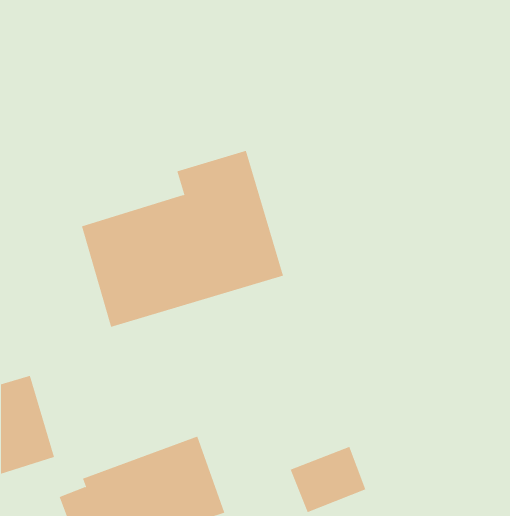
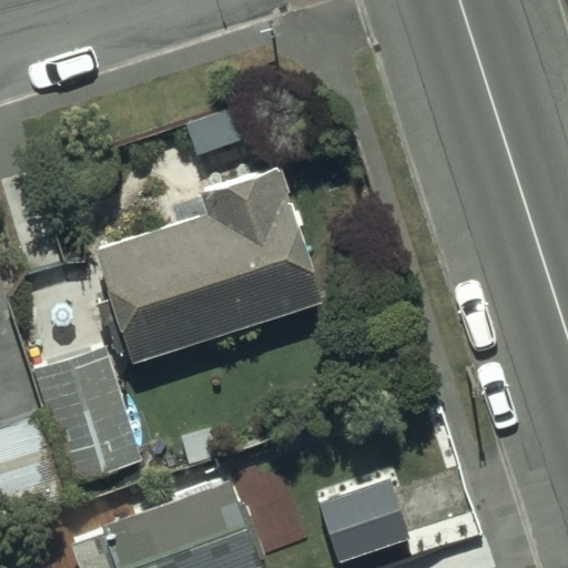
building: none -> [34,343,171,481]

